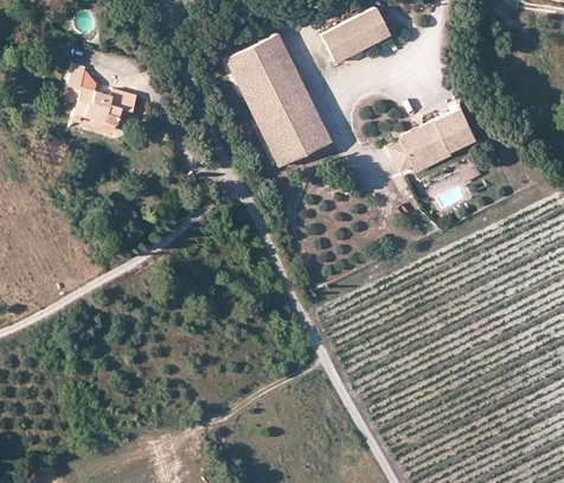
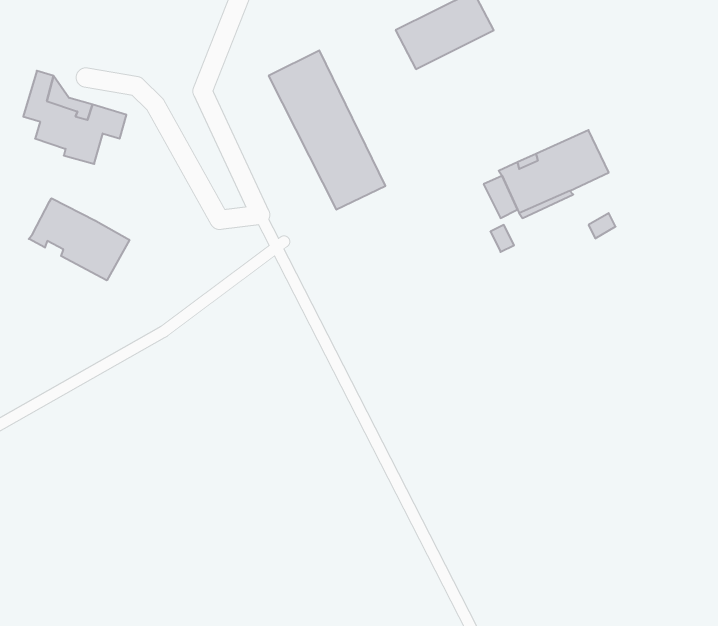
building: [231,37,328,147] -> none
building: none -> [29,198,129,280]

